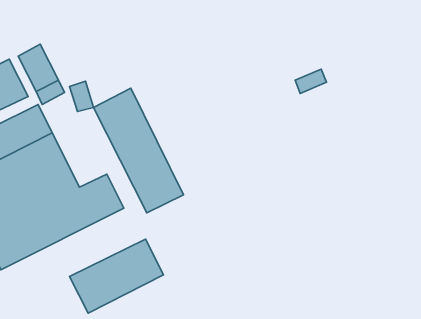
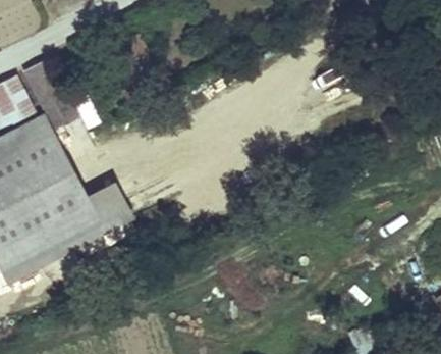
building: [94,88,183,213] -> none
building: [69,239,163,313] -> none

